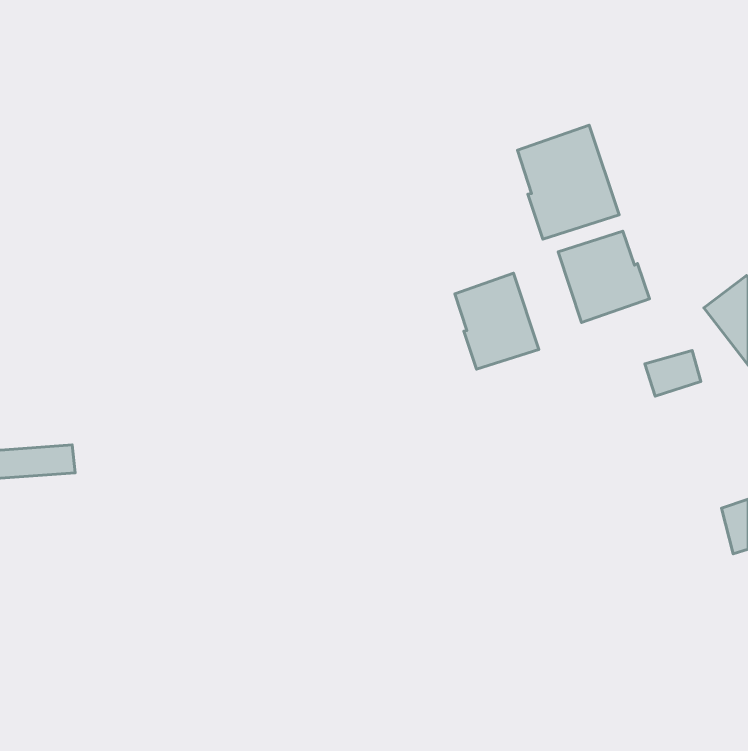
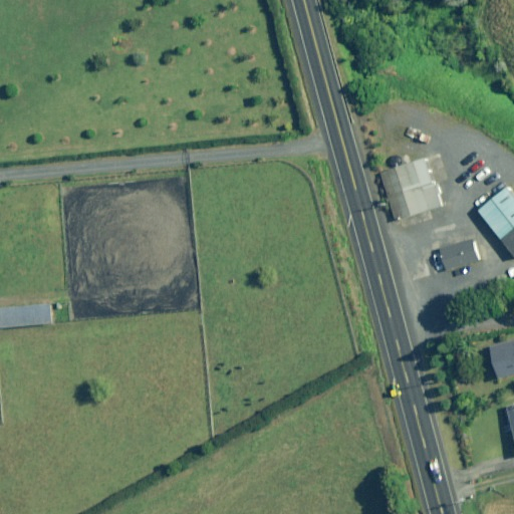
building: [518,125,619,239] -> none
building: [455,273,539,369] -> none

